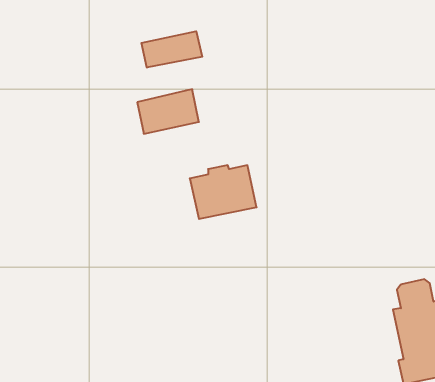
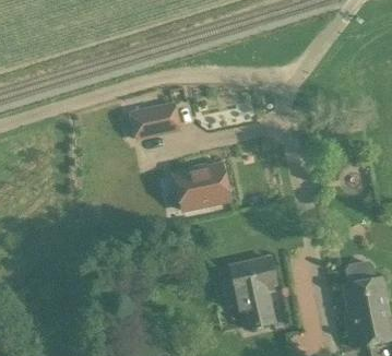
building: [141,31,202,68] -> none
building: none -> [229,257,275,329]

